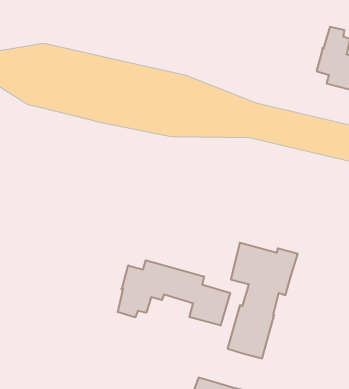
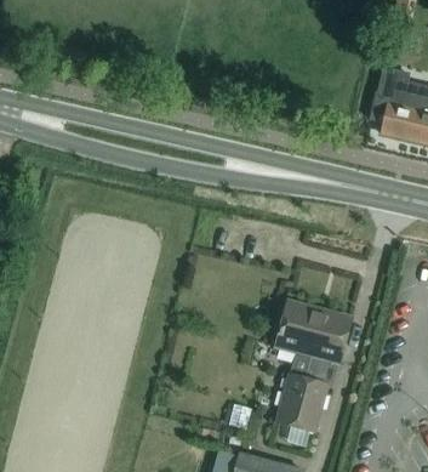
building: [118,260,230,326] -> none

